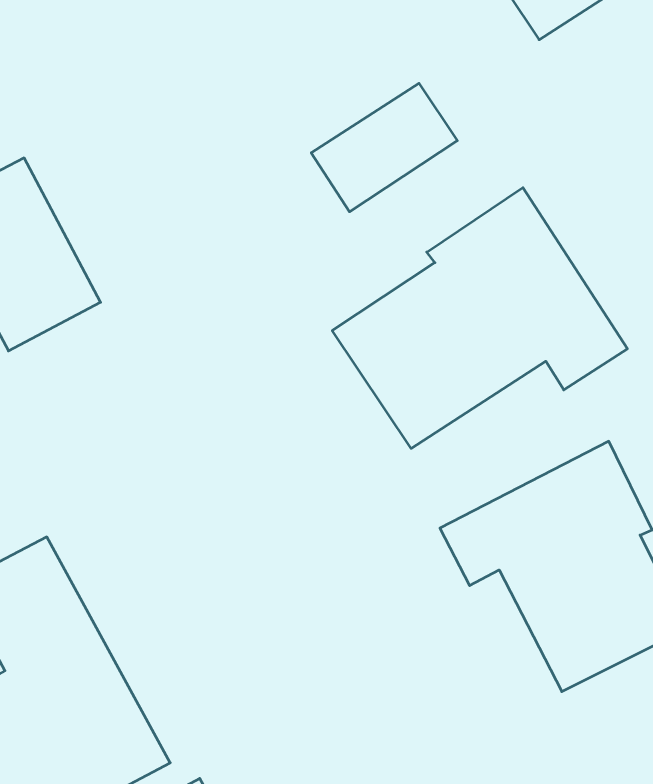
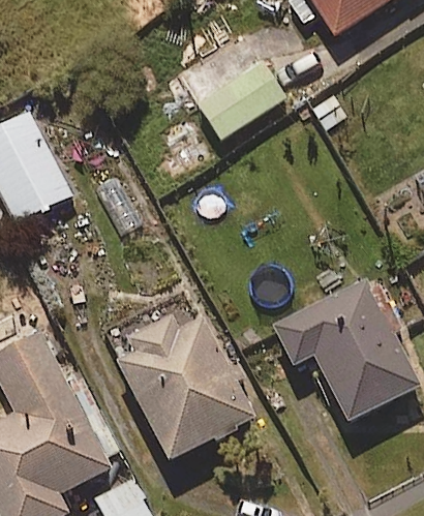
building: [332,188,627,448] -> none
building: none -> [102,290,254,462]

